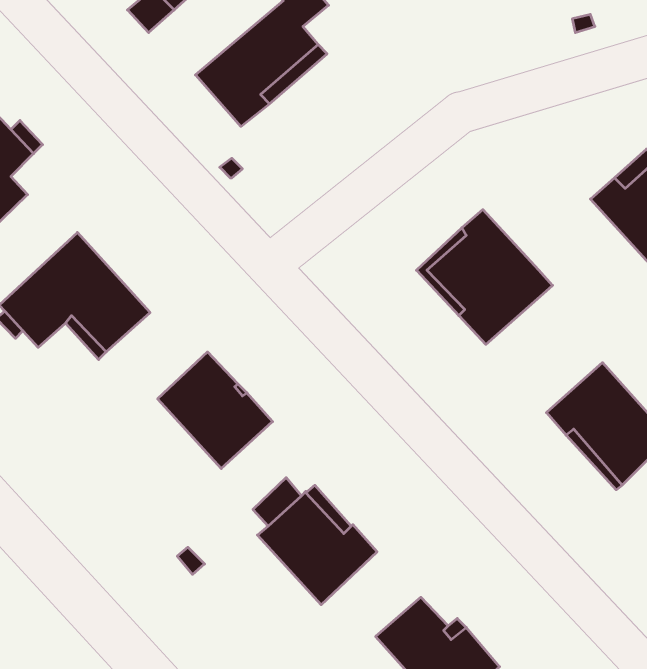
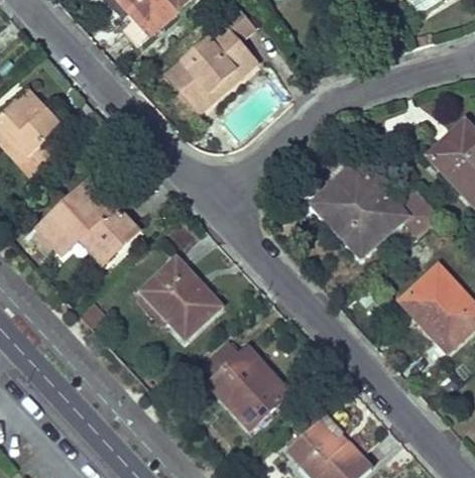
building: none -> [395,192,433,237]

